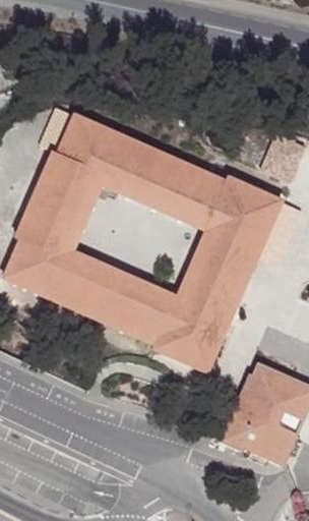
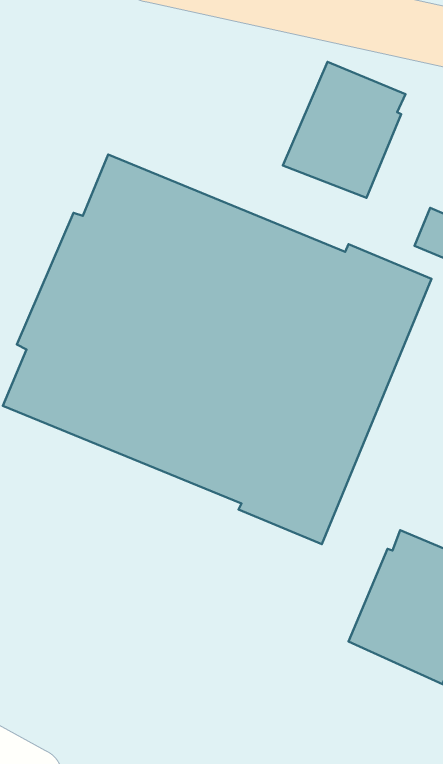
building: none -> [283,62,405,198]

